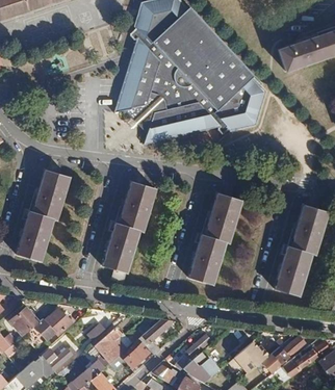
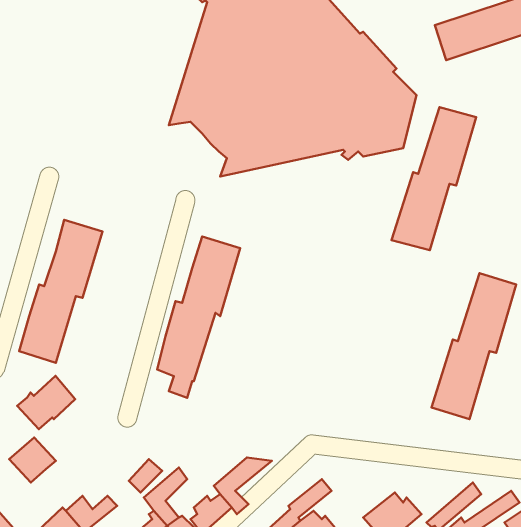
building: [189,193,242,283] -> [391,107,476,250]
building: [34,308,71,341] -> [17,376,75,429]

